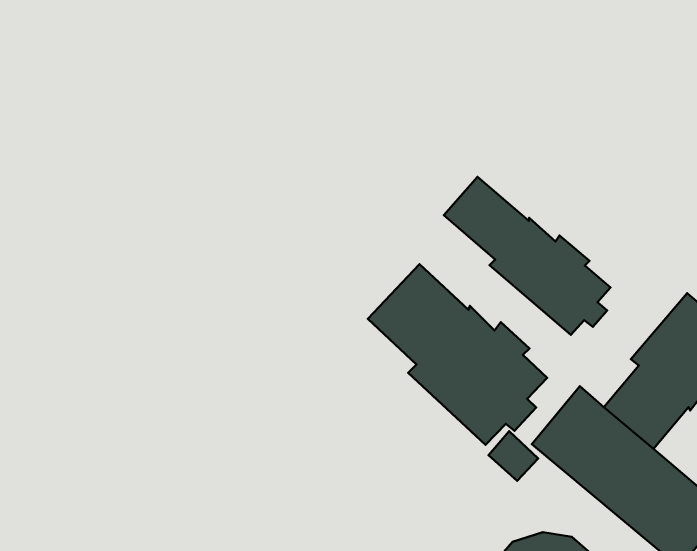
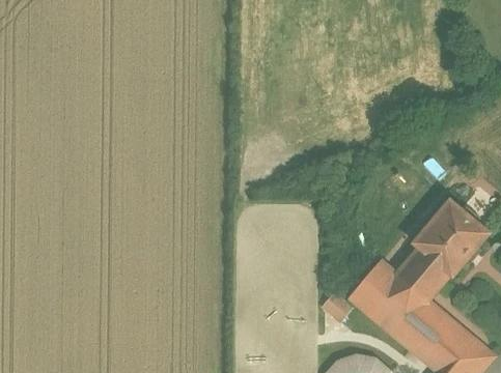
building: [444,177,611,335] -> none
building: [368,264,547,445] -> none

